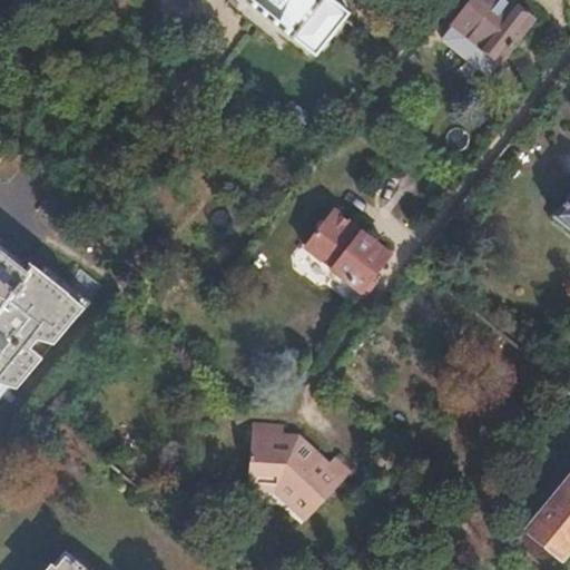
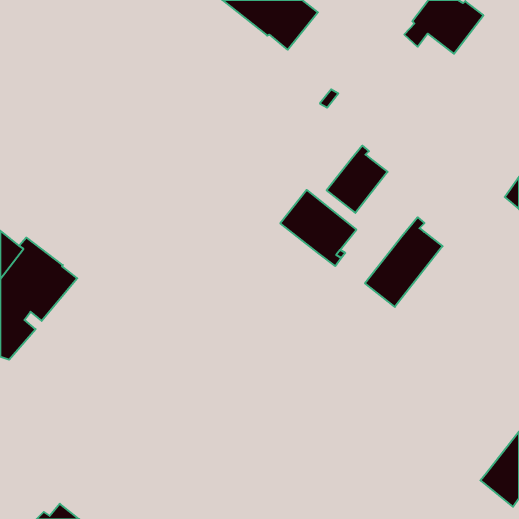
building: none -> [327,146,388,213]
building: none -> [365,217,443,307]
building: [248,423,351,519] -> none

